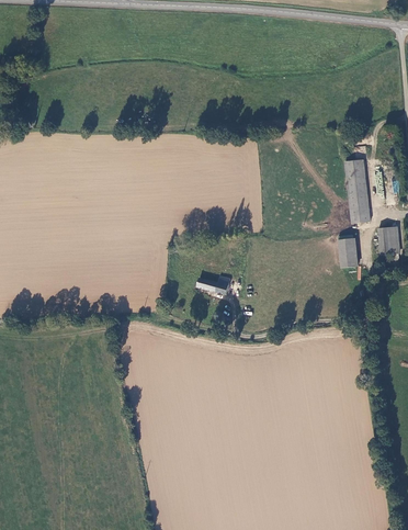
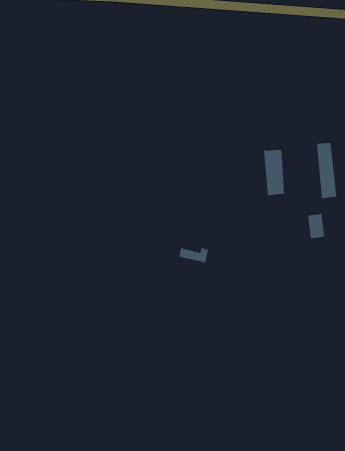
building: none -> [263,149,285,196]

